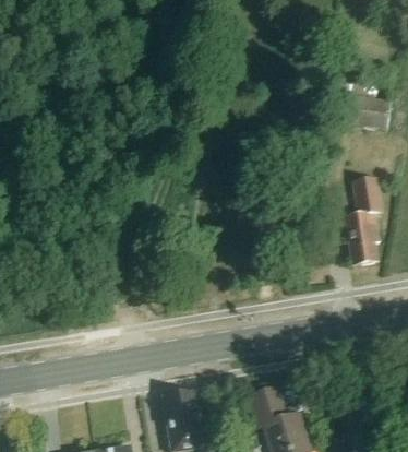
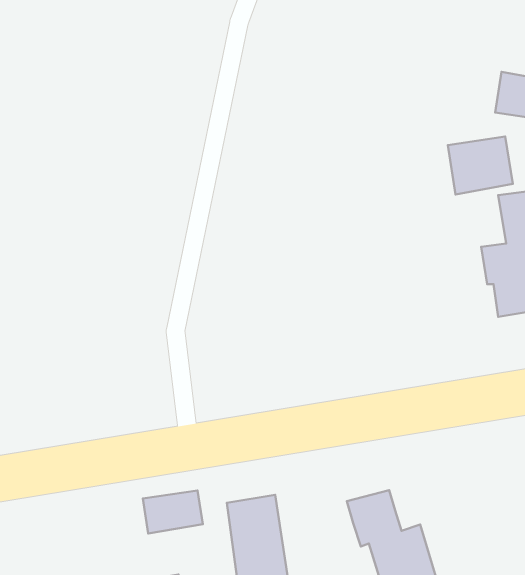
building: none -> [448,136,513,195]
building: none -> [143,490,203,534]

